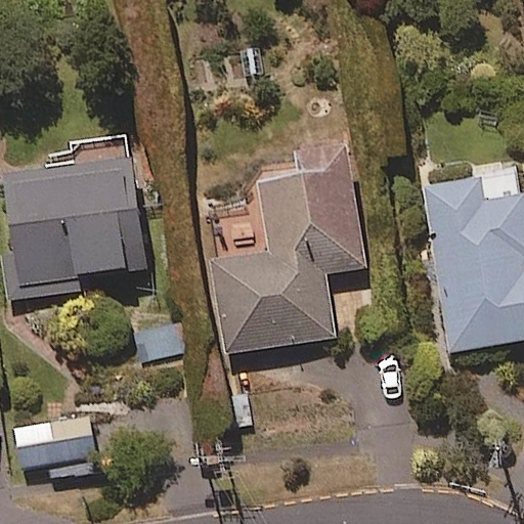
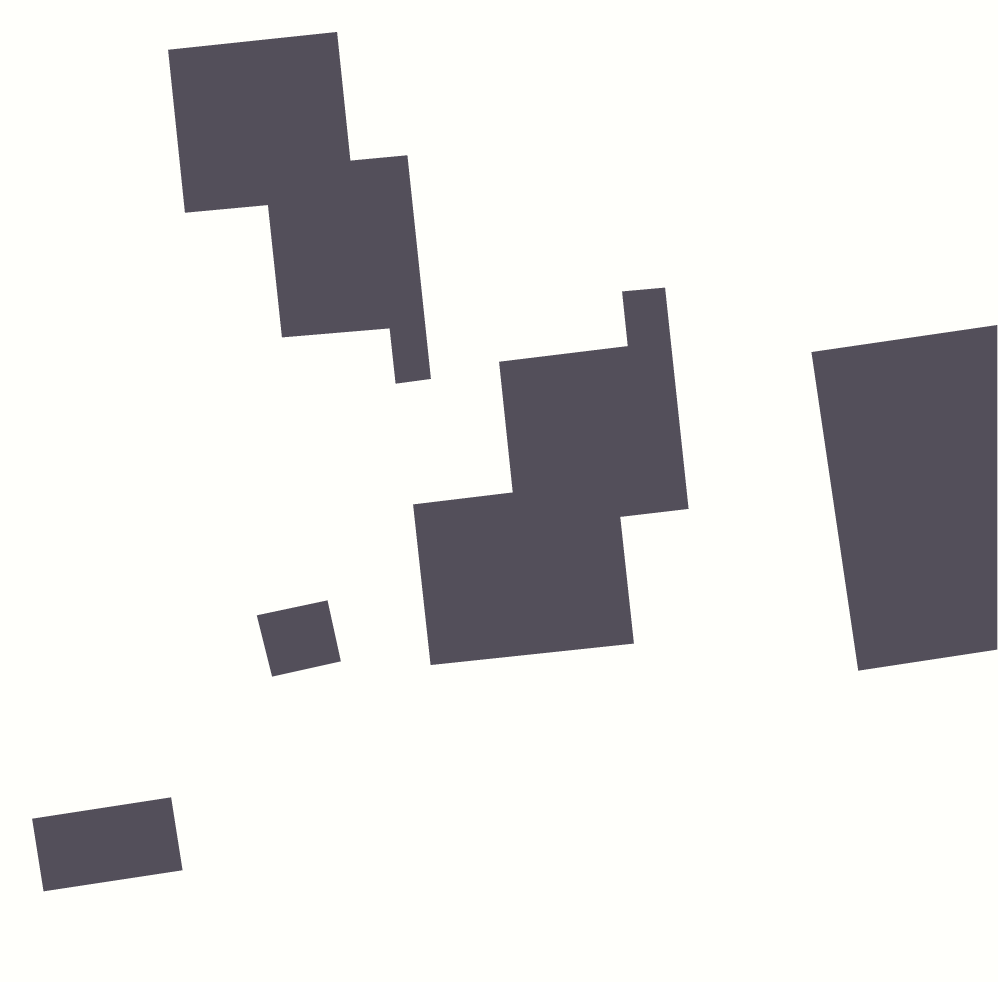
building: none -> [167,31,432,384]
building: [4,134,144,294] -> none

